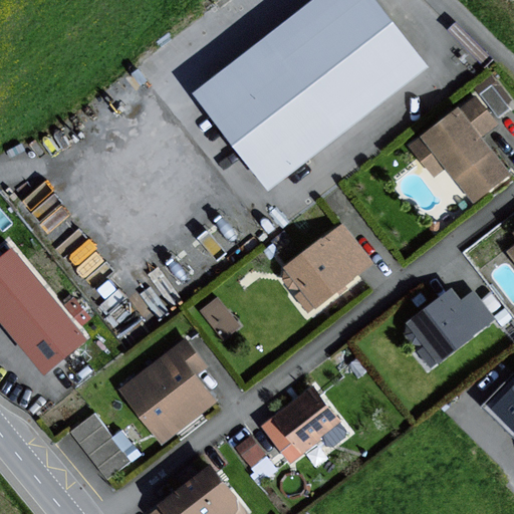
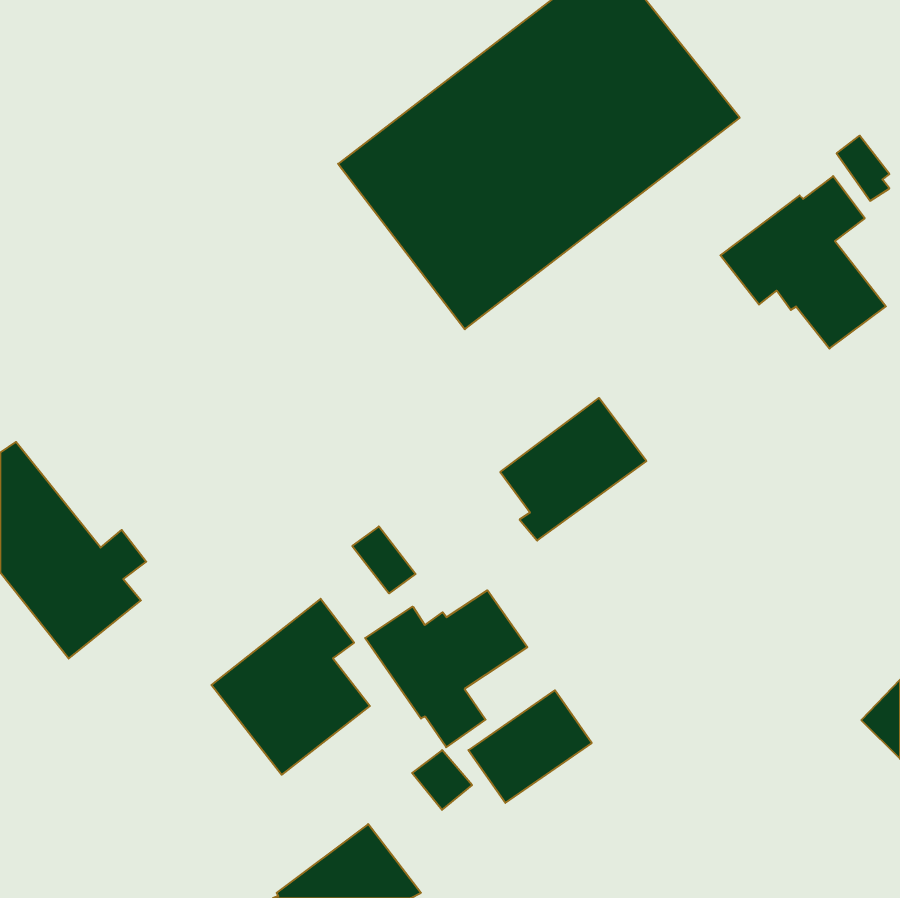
building: [405,290,492,361] -> none
building: none -> [365,590,527,747]
building: [71,408,133,471] -> none

